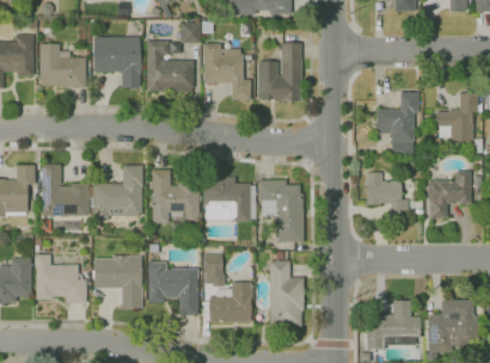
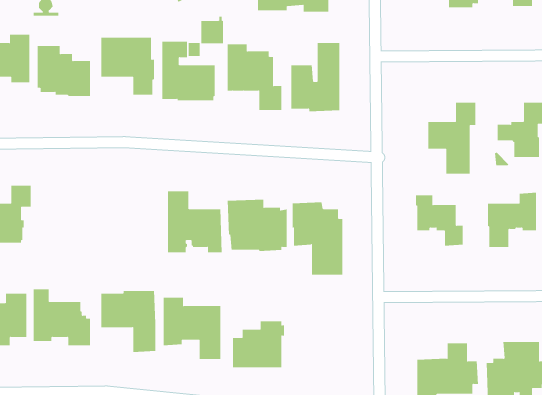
building: [39,165,88,216] -> none
building: [93,165,143,221] -> none
building: [203,254,225,288] -> none
building: [269,260,304,327] -> none

